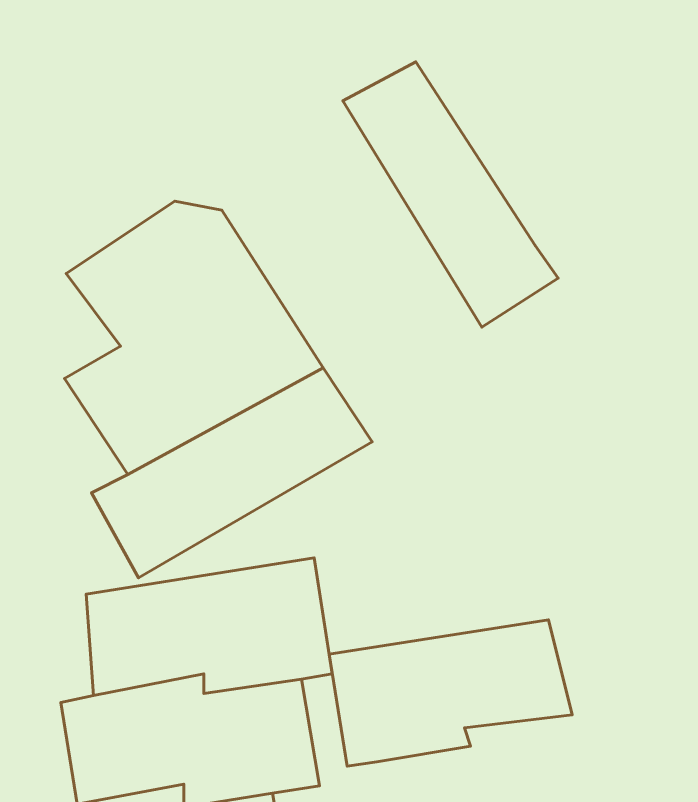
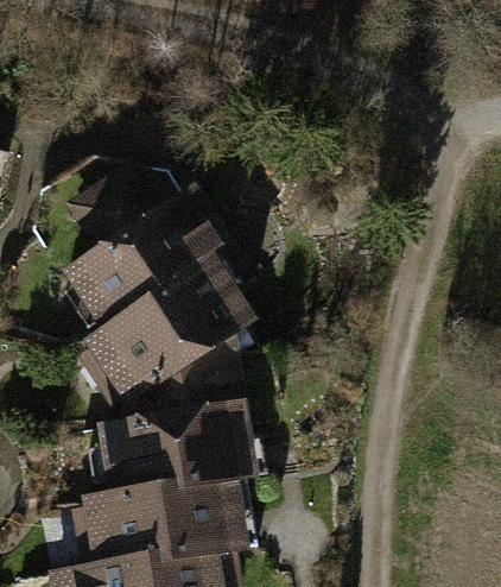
building: [343,62,558,327] -> none
building: [329,620,572,766] -> none

